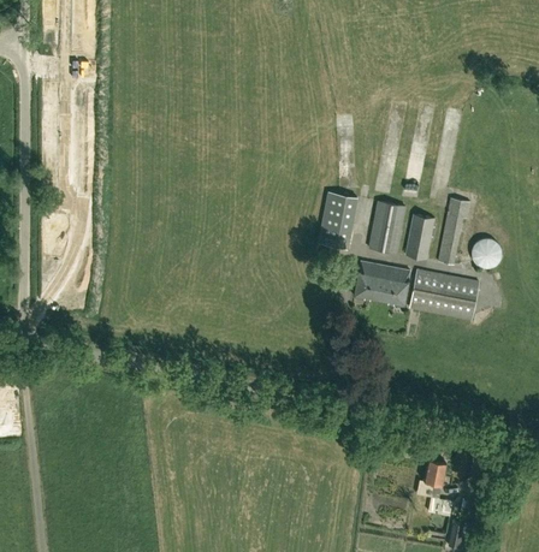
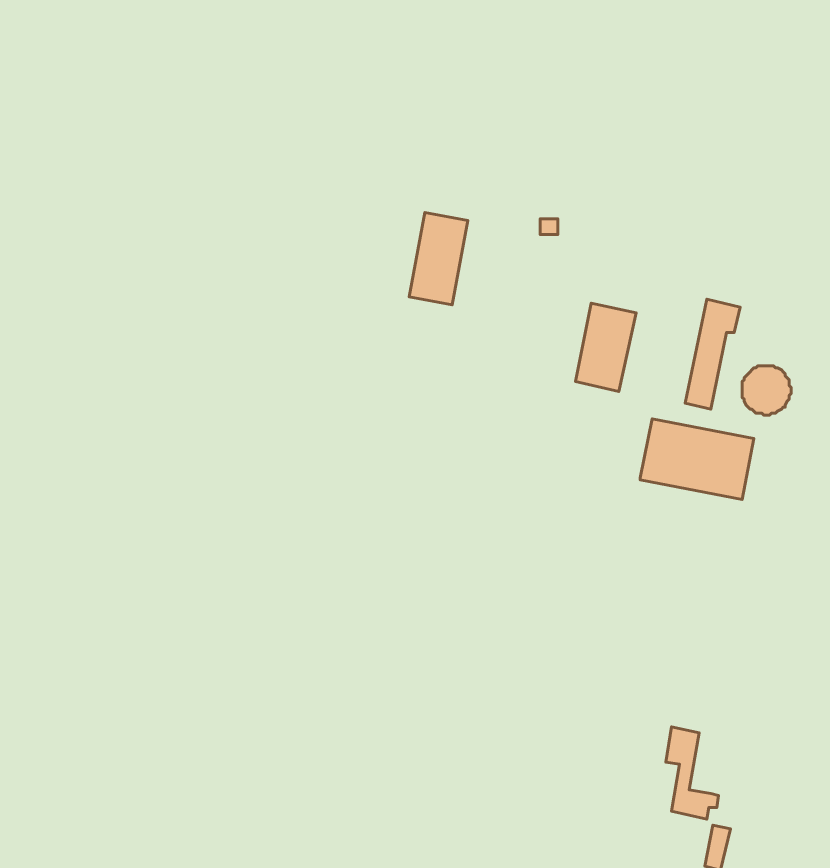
building: [319,192,355,249] -> [409,213,468,305]
building: [404,213,434,259] -> none
building: [354,260,410,304] -> none

